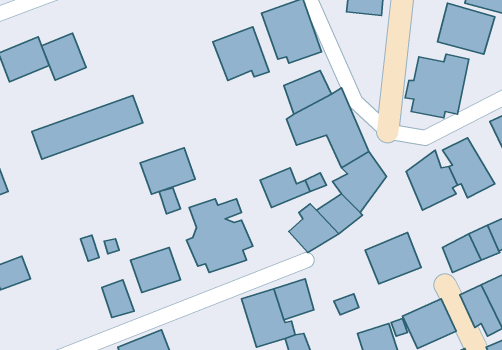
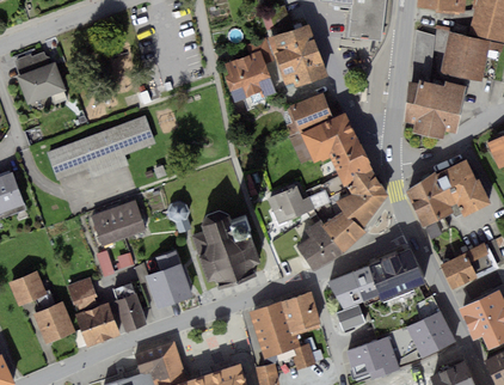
building: [42,33,86,80] -> none
building: [140,148,195,194] -> [92,201,145,245]
building: none -> [327,265,377,311]
building: none -> [67,280,98,310]
building: none -> [33,302,74,343]
building: none -> [76,305,116,342]

